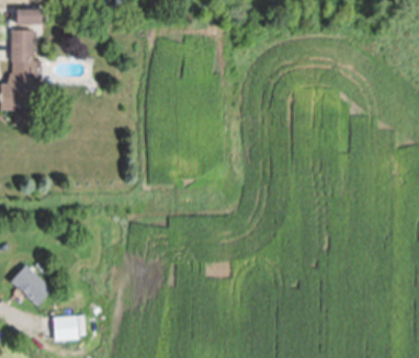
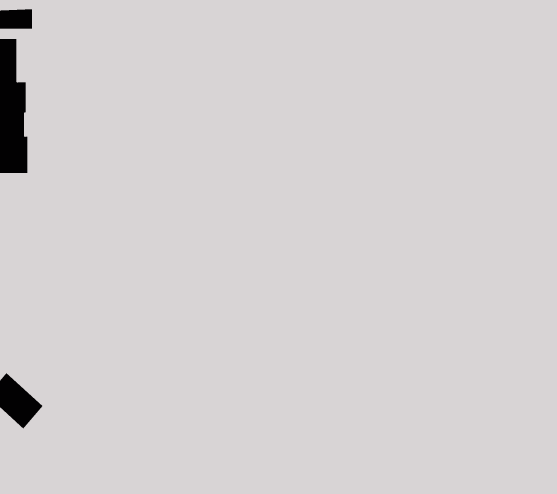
building: [53,310,83,340] -> none

